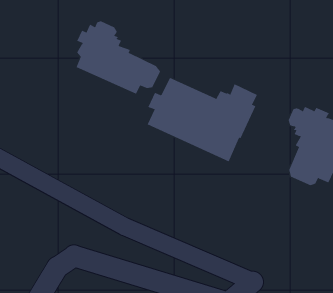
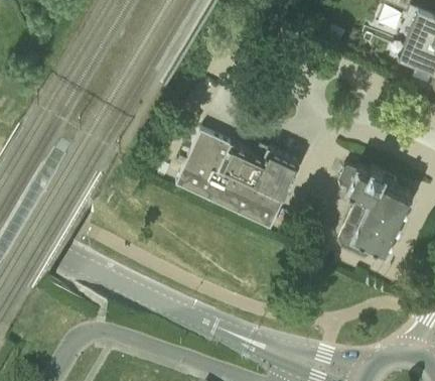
building: [76,21,161,94] -> none

